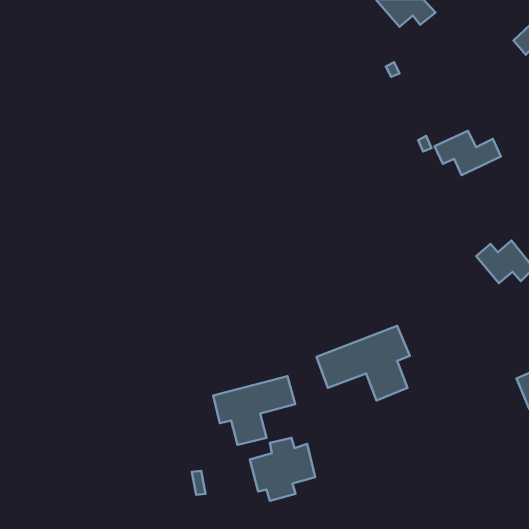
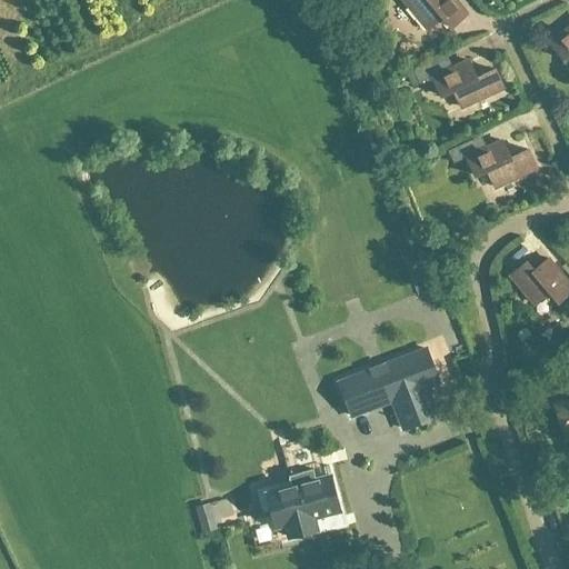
building: none -> [433,60,503,108]
building: [213,376,295,445] -> none

